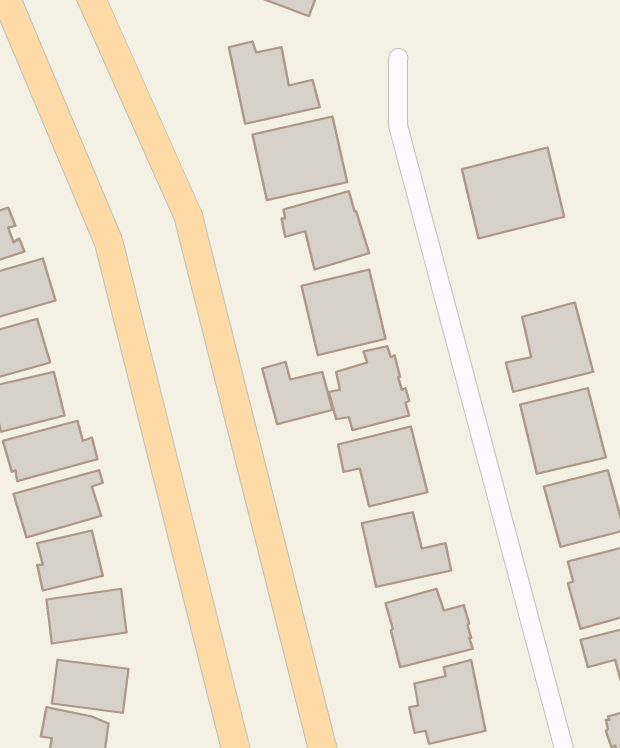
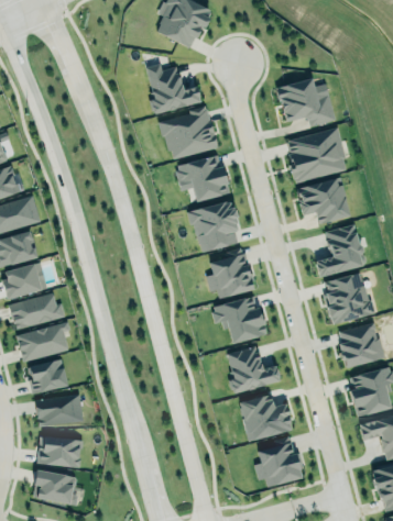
building: none -> [276,78,336,125]
building: none -> [298,176,353,225]
building: [262,362,332,424] -> none

